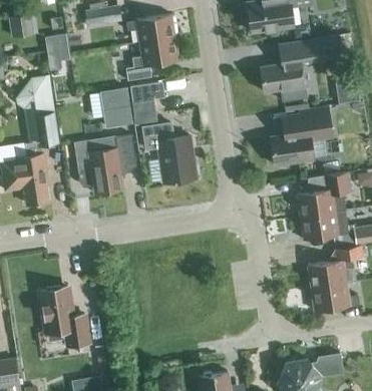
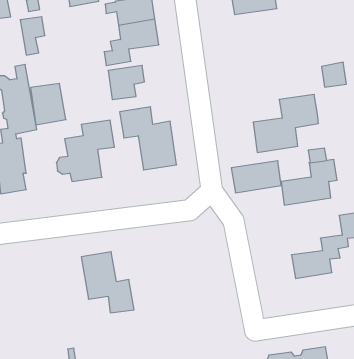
building: [259,37,341,101] -> none
building: [100,86,134,126] -> [31,83,66,125]
building: [300,210,348,241] -> [231,161,281,193]
building: [311,282,359,312] -> none
building: [39,287,90,346] -> [81,252,134,313]

